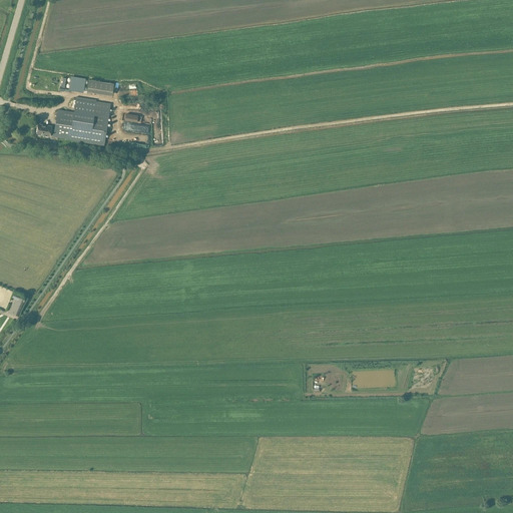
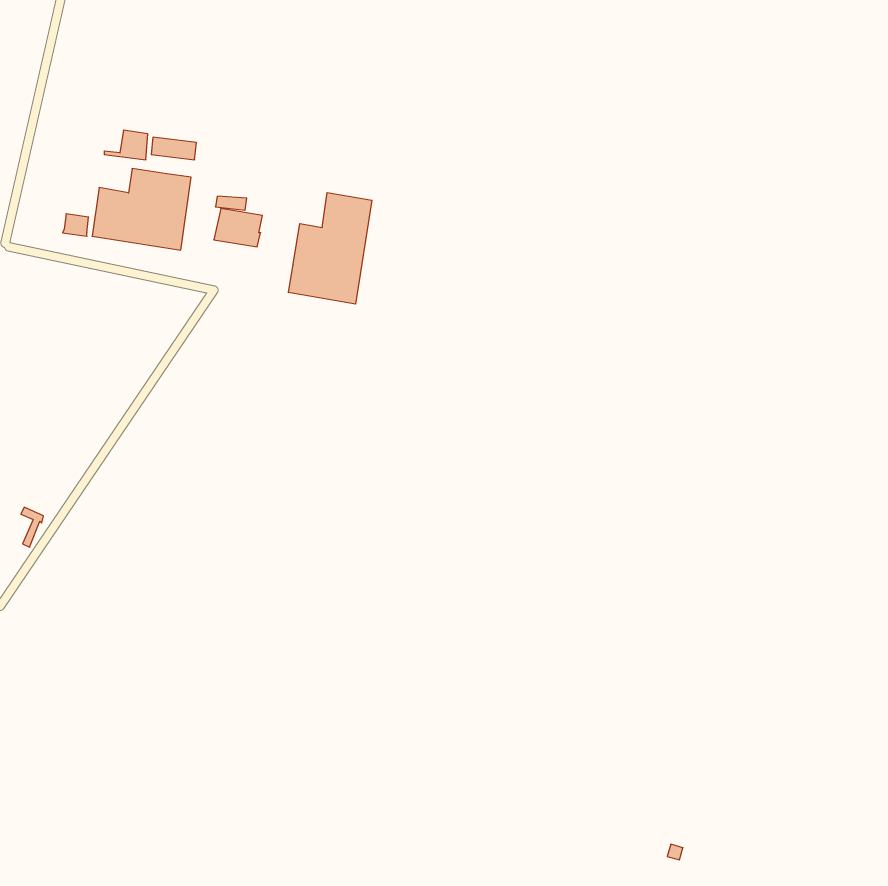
building: none -> [288,193,372,304]

